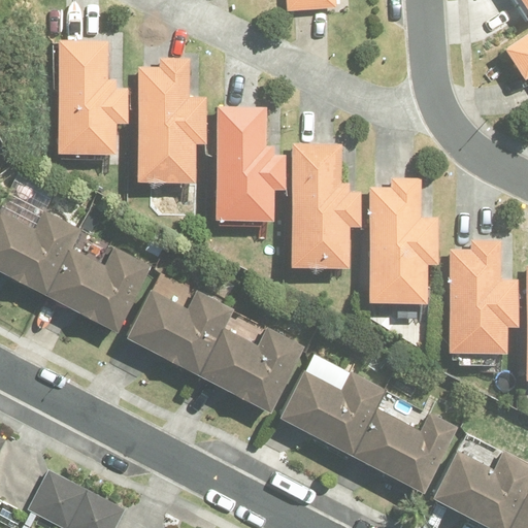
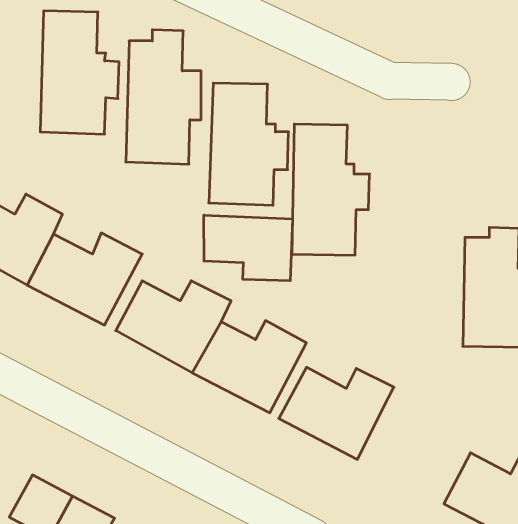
building: [368,177,439,301] -> none
building: none -> [204,215,293,281]
building: [352,408,458,494] -> none

